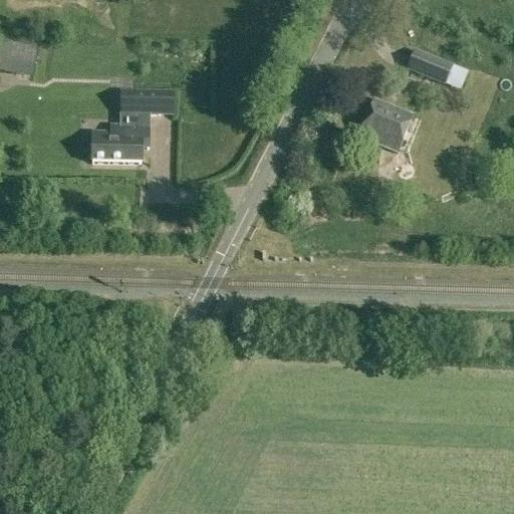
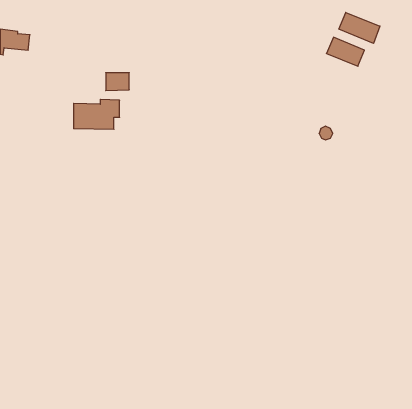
building: none -> [339,12,380,43]
building: [359,96,414,150] -> none

